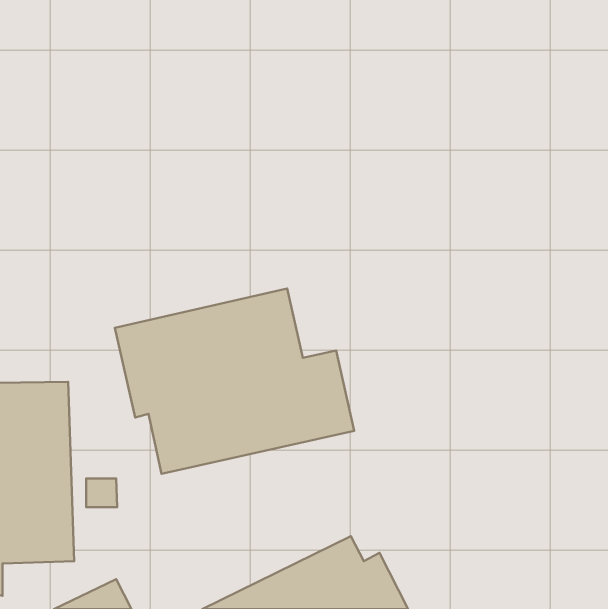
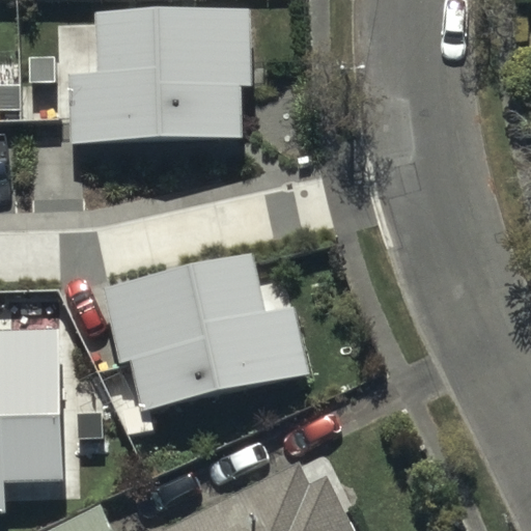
building: none -> [66,6,250,142]

